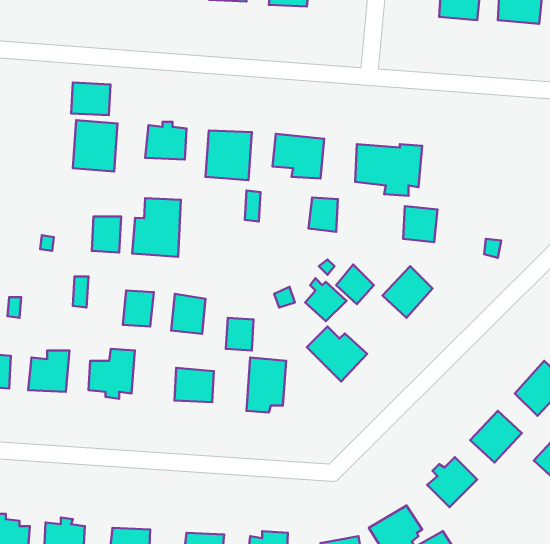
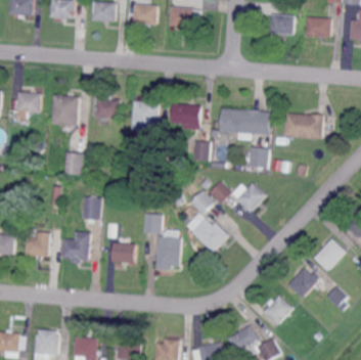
building: [71,83,111,115] -> [17,93,41,112]
building: none -> [283,114,324,139]
building: [132,198,181,257] -> none
building: [171,294,206,334] -> none

